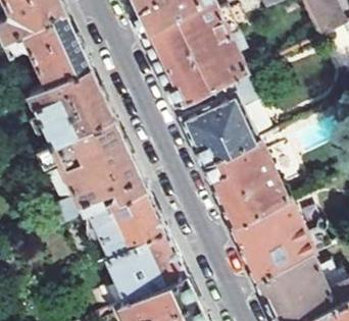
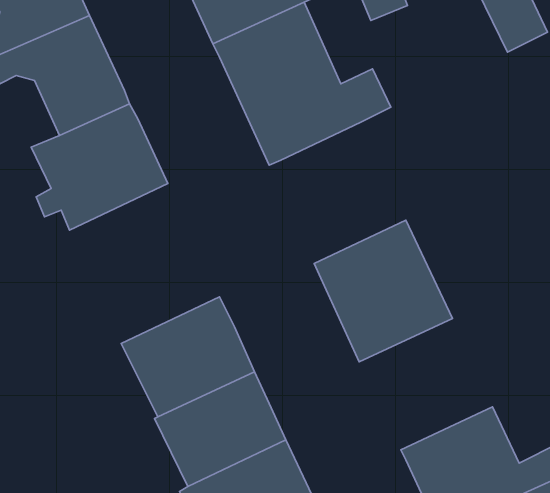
building: [181,81,259,167] -> none
building: [38,118,145,222] -> none
building: [231,199,317,281] -> none

